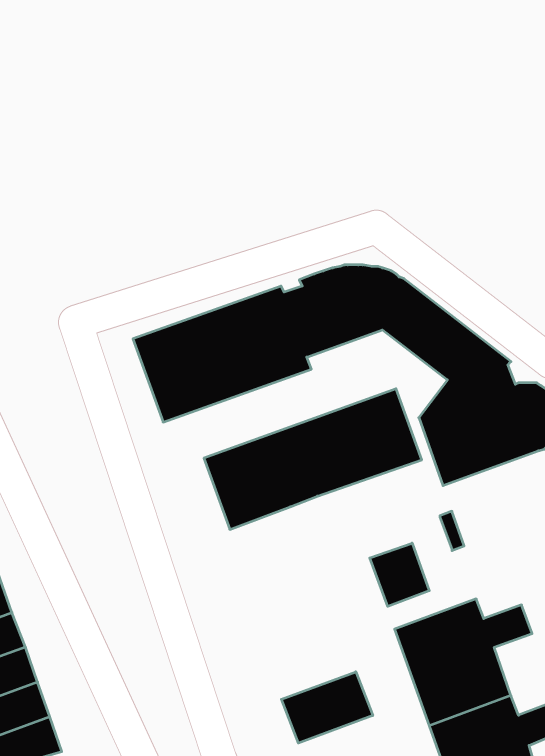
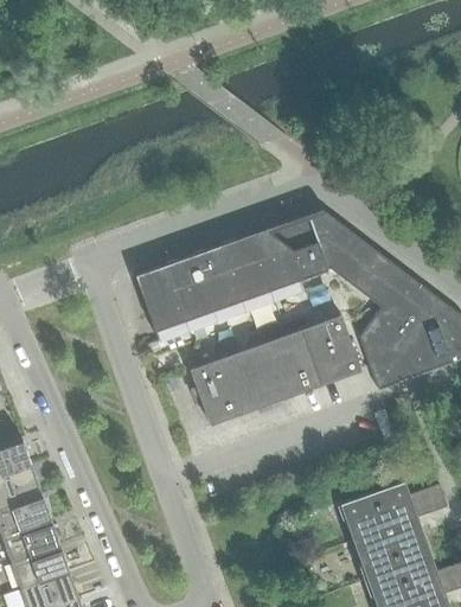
building: [370,543,429,606] -> none
building: [281,672,373,743] -> none

